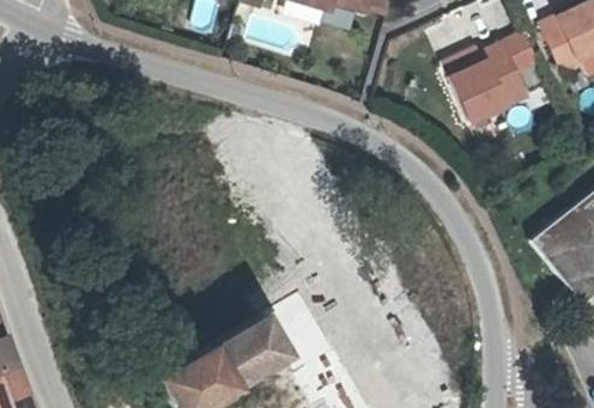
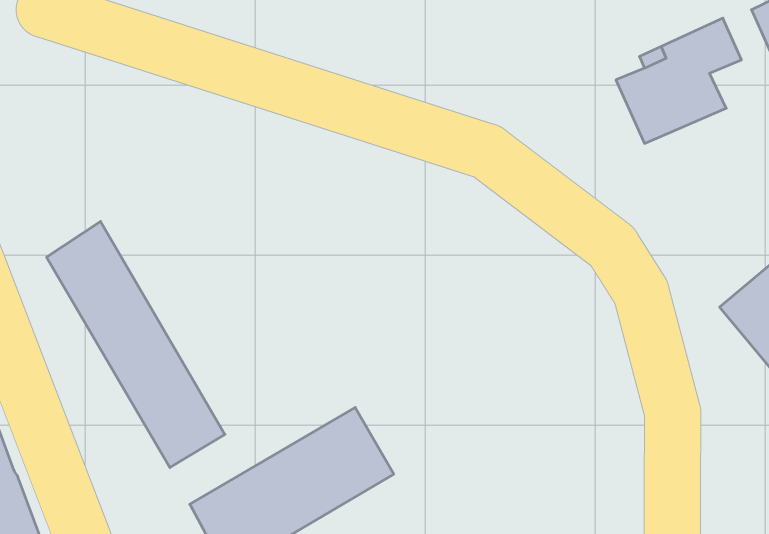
building: none -> [47,221,225,468]

